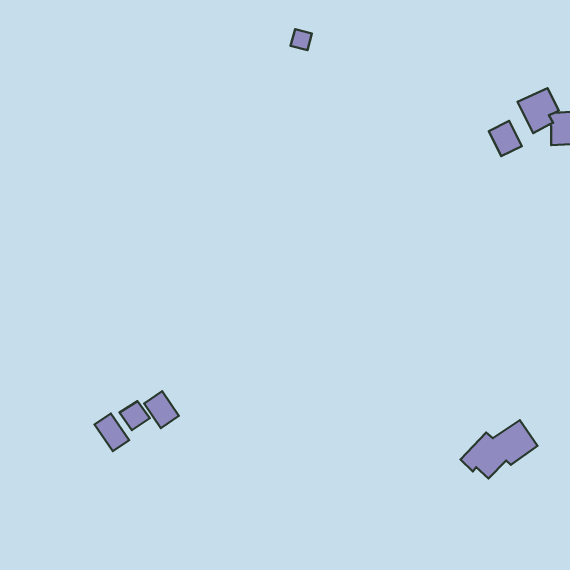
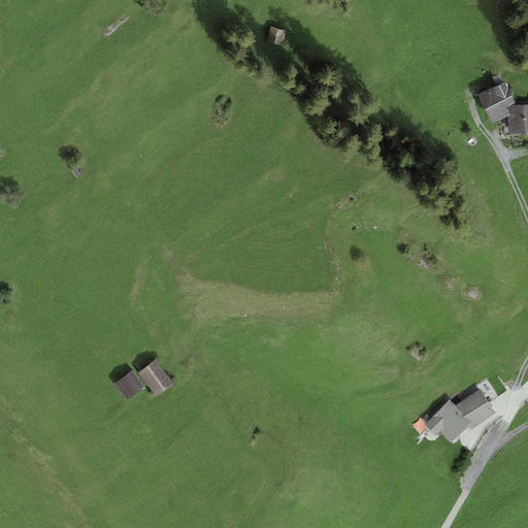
building: [489,121,522,156] -> none
building: [94,413,129,451] -> none

